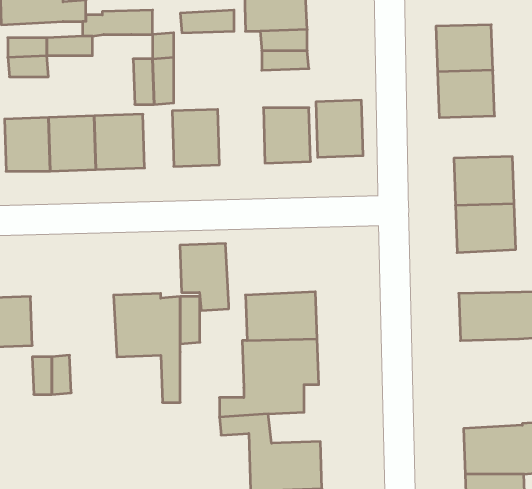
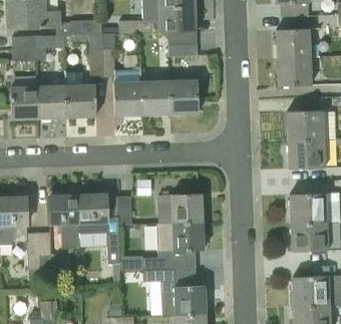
building: [316,100,363,157] -> [141,79,170,114]
building: [180,244,229,310] -> [49,195,79,236]
building: none -> [291,222,328,251]

